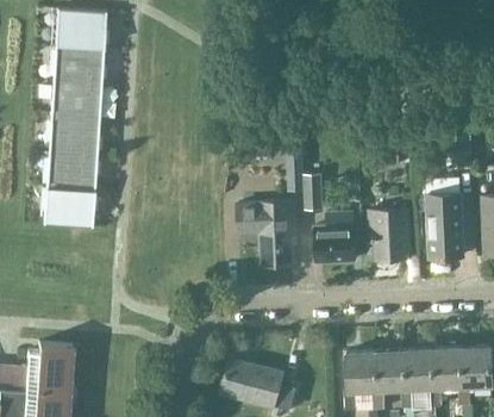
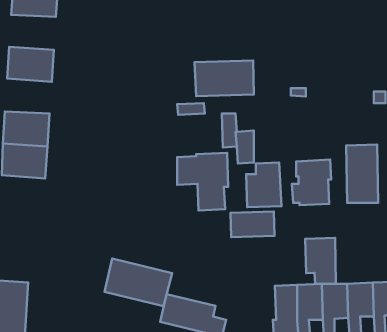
building: [52,45,105,85] -> none
building: none -> [194,60,254,96]
building: [48,117,100,156] -> none
building: none -> [231,211,274,237]
building: none -> [305,238,336,284]
building: none -> [105,259,172,306]

